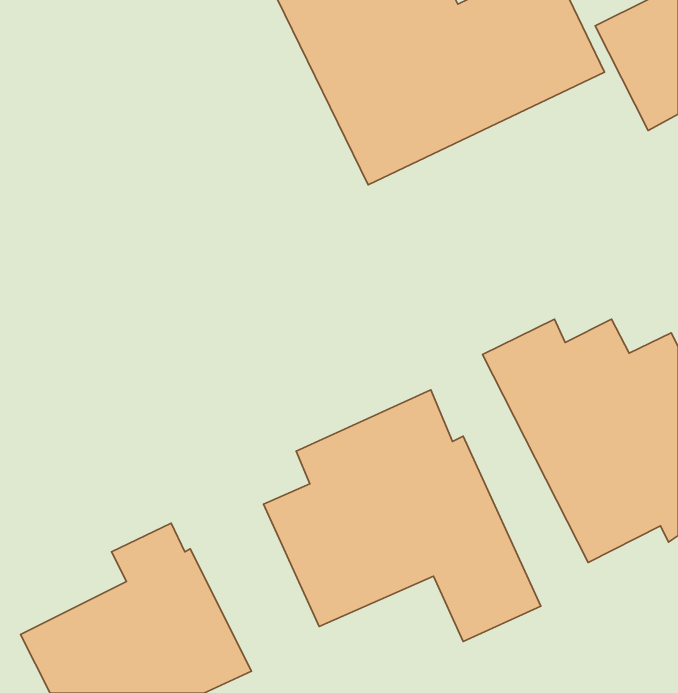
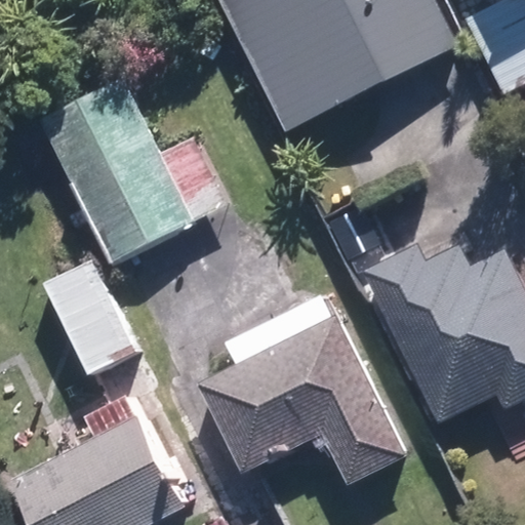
building: none -> [35,75,225,265]
building: none -> [43,257,140,380]

